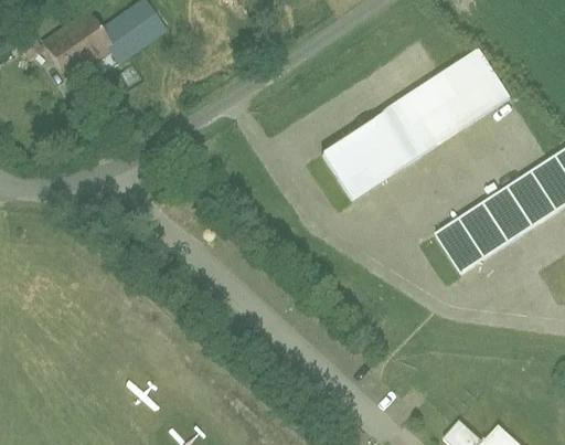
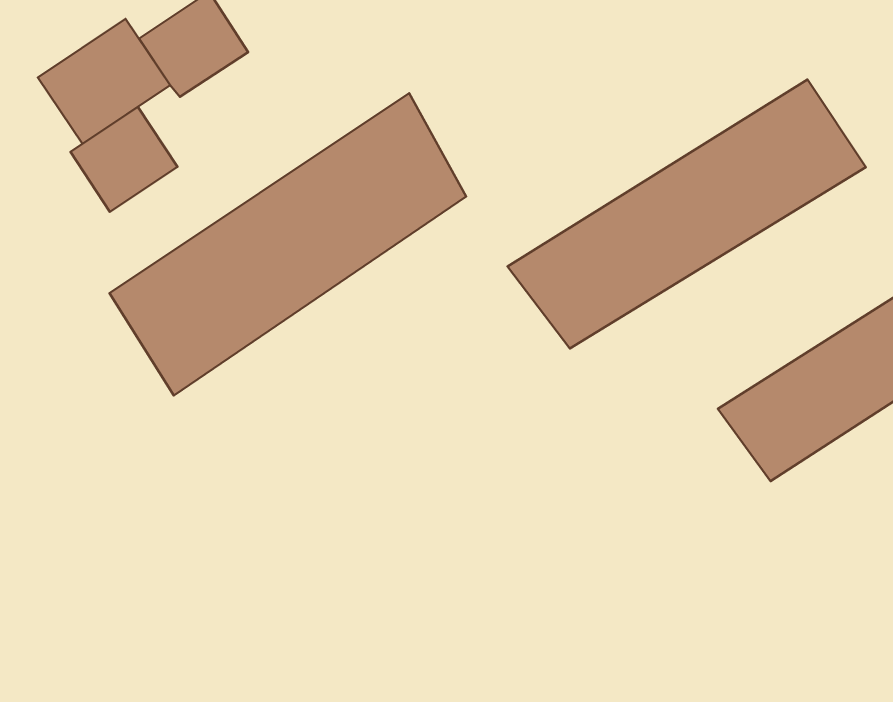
building: none -> [109,93,466,396]
building: none -> [70,107,177,212]

